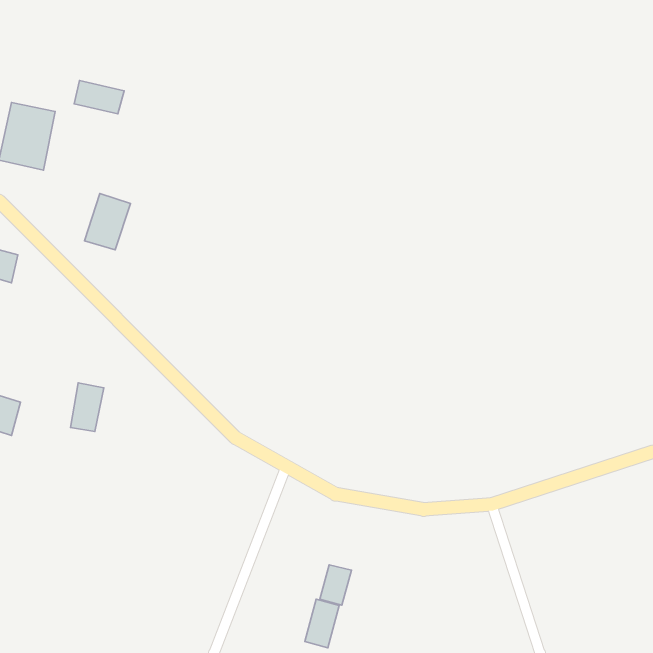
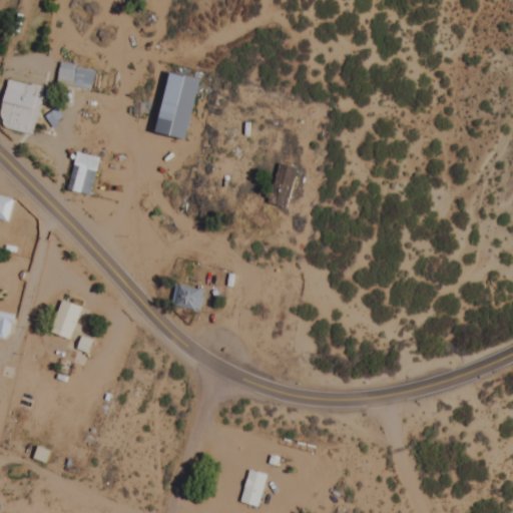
building: none -> [149,71,195,140]
building: none -> [267,163,296,207]
building: none -> [173,284,203,312]
building: [320,565,352,605] -> none

